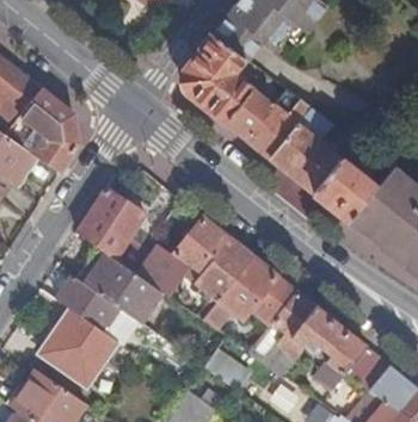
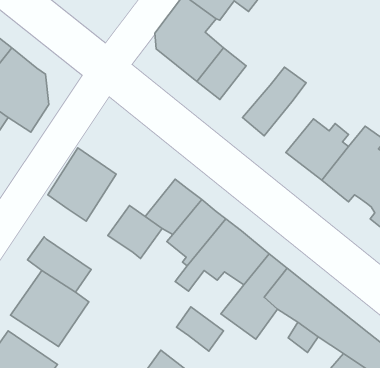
building: [247,88,312,156] -> none
building: [291,141,340,191] -> none
building: [75,247,161,319] -> none

